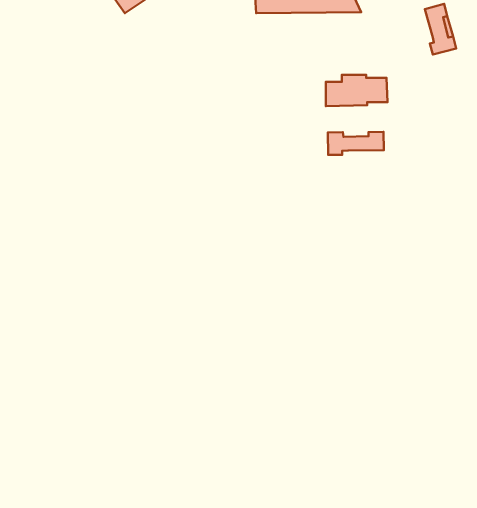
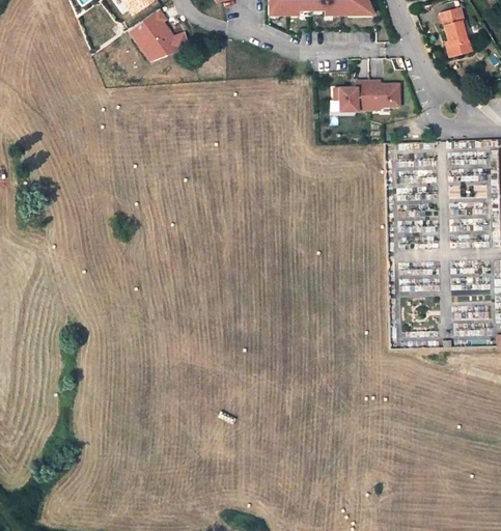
building: none -> [127,7,189,61]
building: [328,132,384,155] -> none

